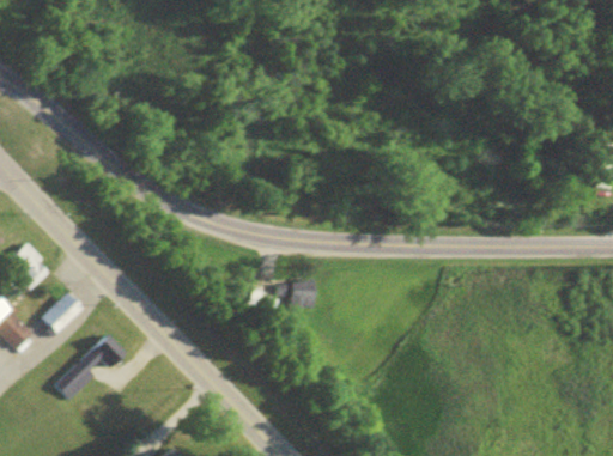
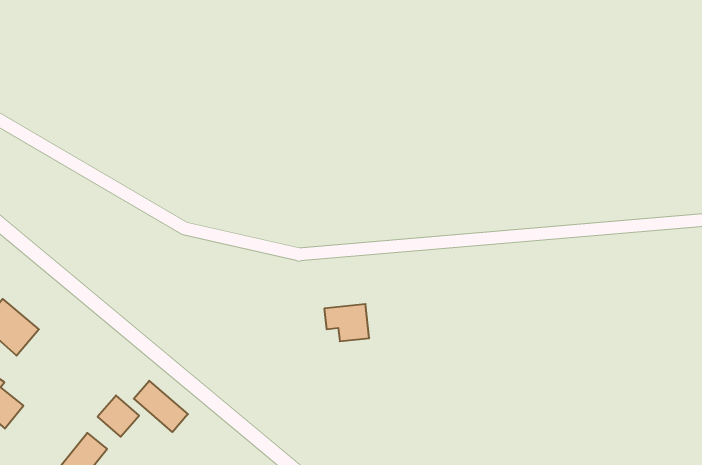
building: [41,297,81,336] -> none
building: none -> [134,381,188,432]

